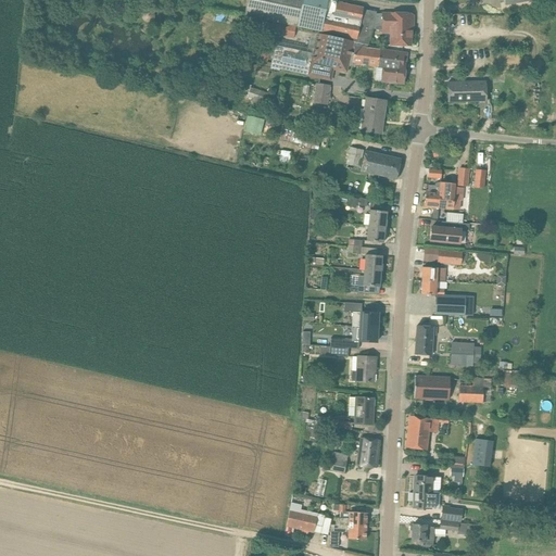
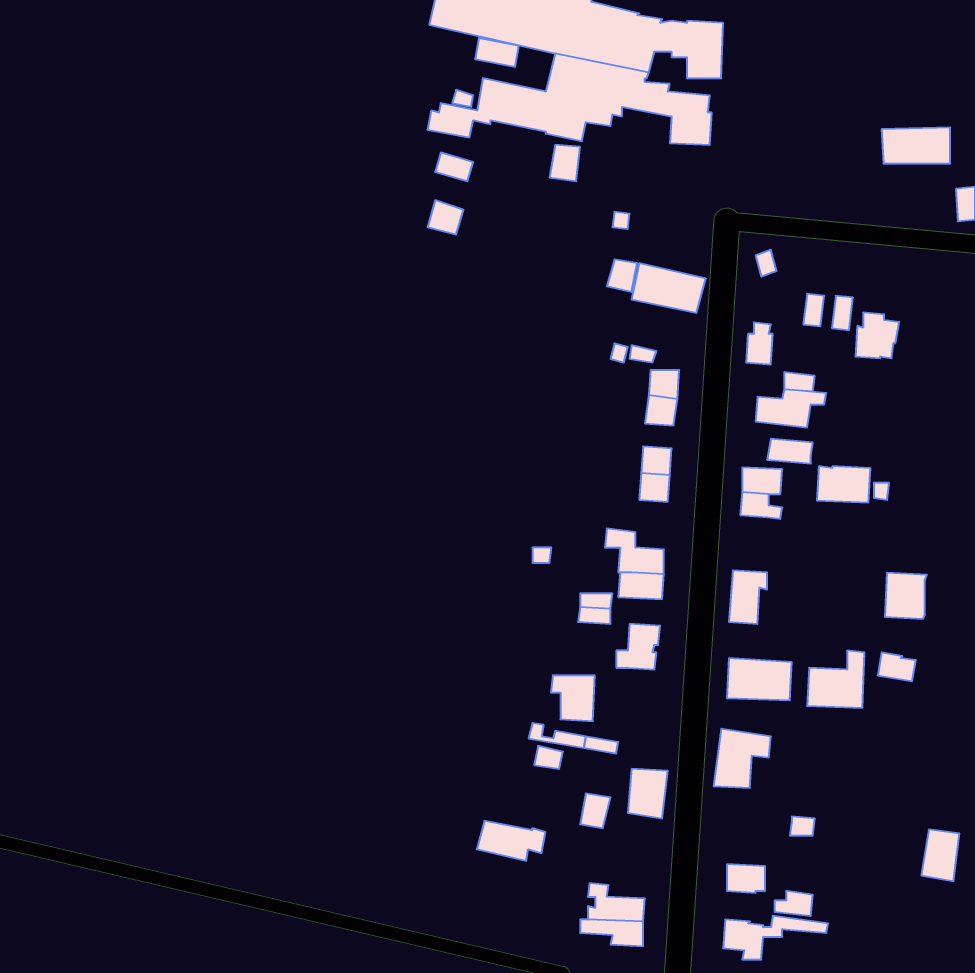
building: [447,80,486,101] -> [882,127,950,164]
building: [363,98,386,132] -> none
building: [439,182,464,208] -> [855,313,899,358]
building: [435,294,466,315] -> [817,466,870,502]
building: [451,341,475,367] -> [885,573,927,619]
building: [349,397,374,424] -> [551,675,595,721]
building: [471,438,493,467] -> [921,830,959,881]
building: [414,476,441,494] -> none
building: [286,508,325,531] -> [477,821,545,861]

